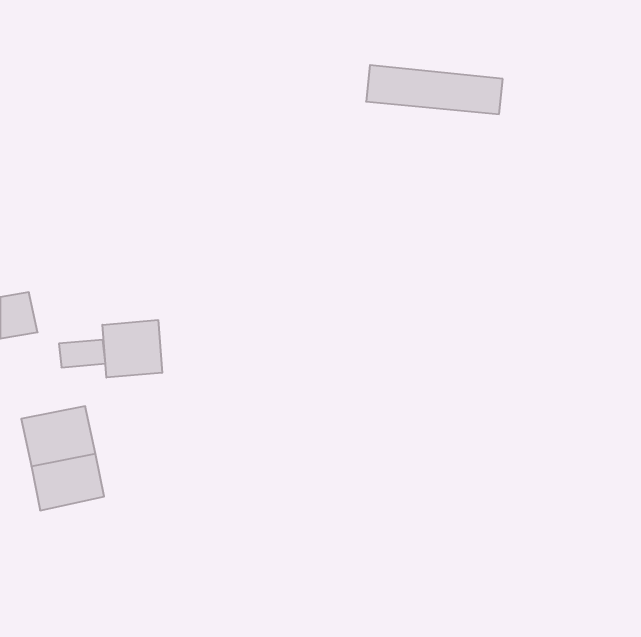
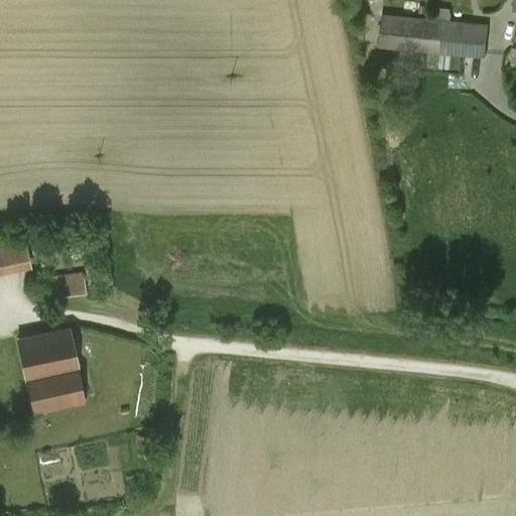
building: [366,65,503,114] -> [379,16,489,55]
building: [102,320,162,378] -> none

